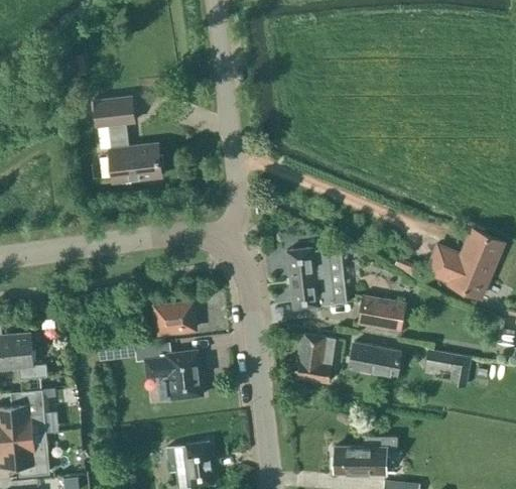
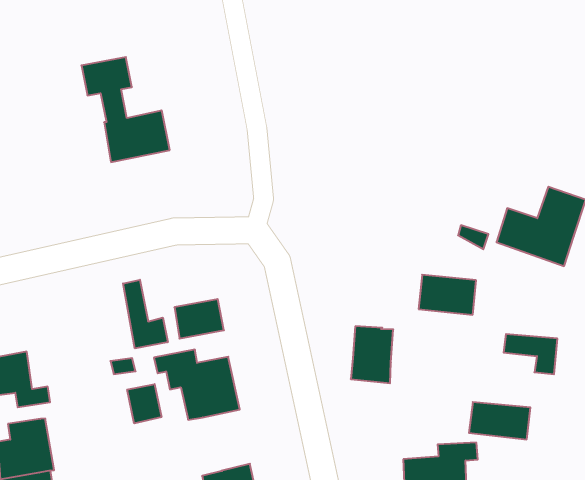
building: [287,247,335,309] -> none
building: none -> [123,280,168,348]
building: [350,343,402,377] -> [469,402,530,439]
building: none -> [127,384,161,423]

